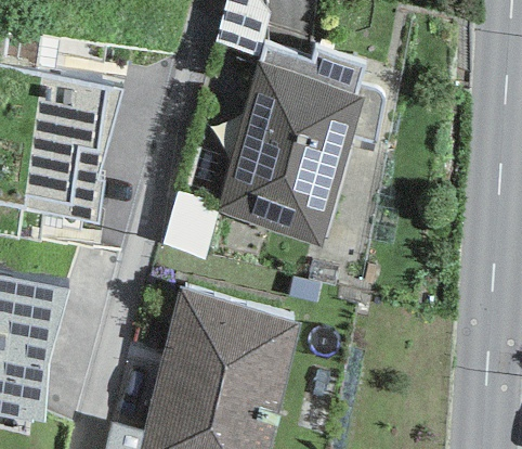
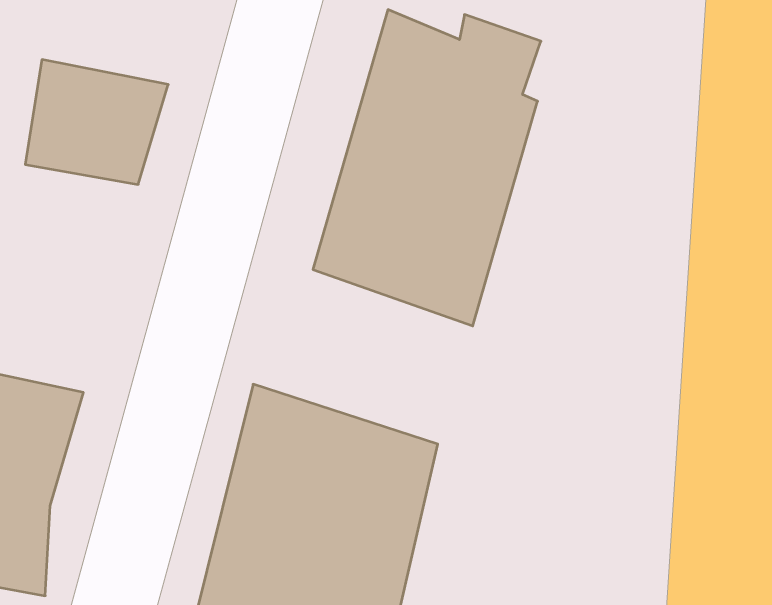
building: [24,142,104,224] -> none

